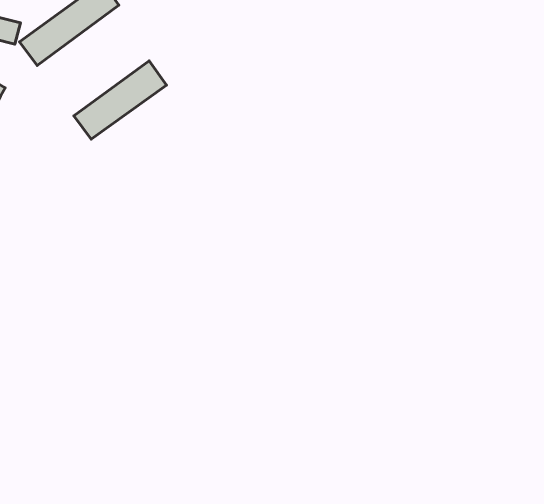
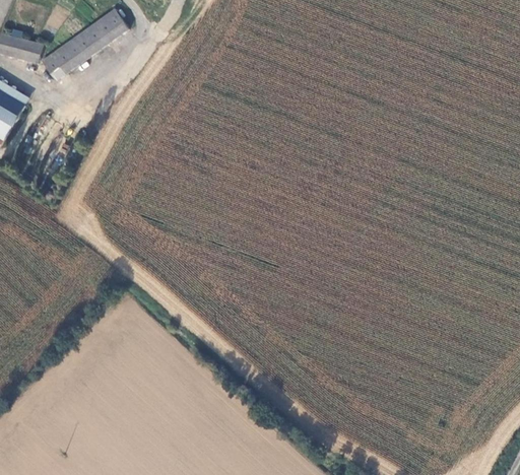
building: [74,61,167,139] -> none

